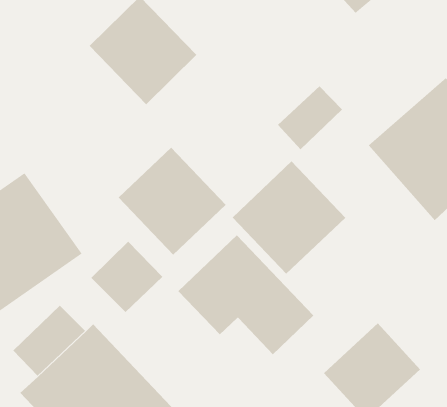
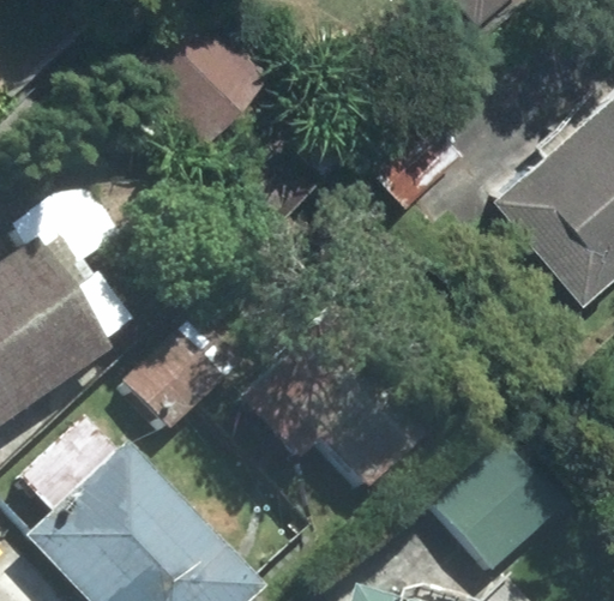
building: [118,147,227,255] -> none
building: [232,160,346,275] -> none

